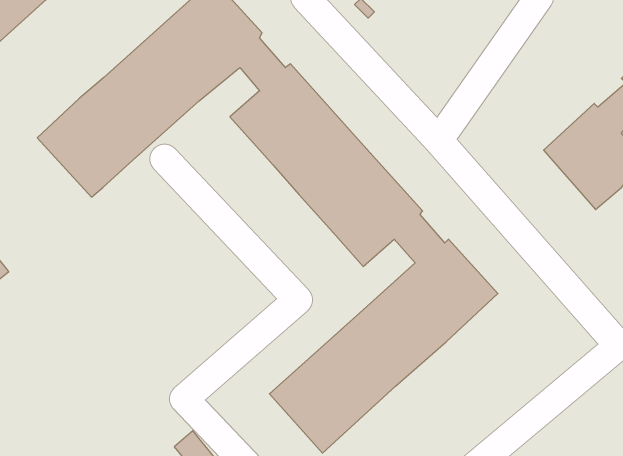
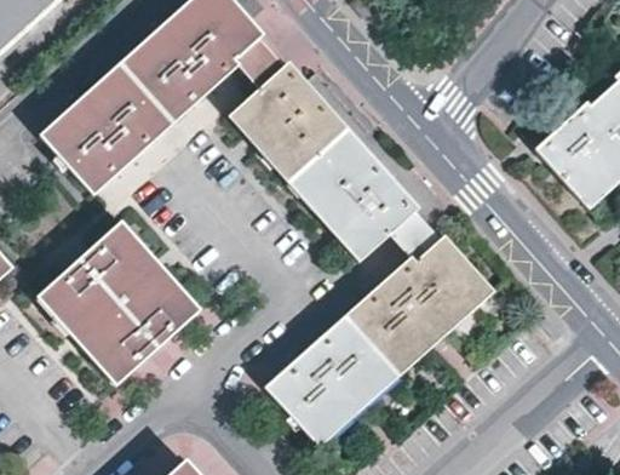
building: none -> [38,223,199,384]

